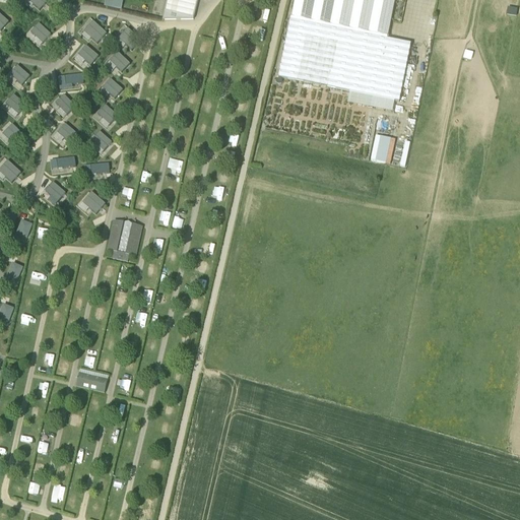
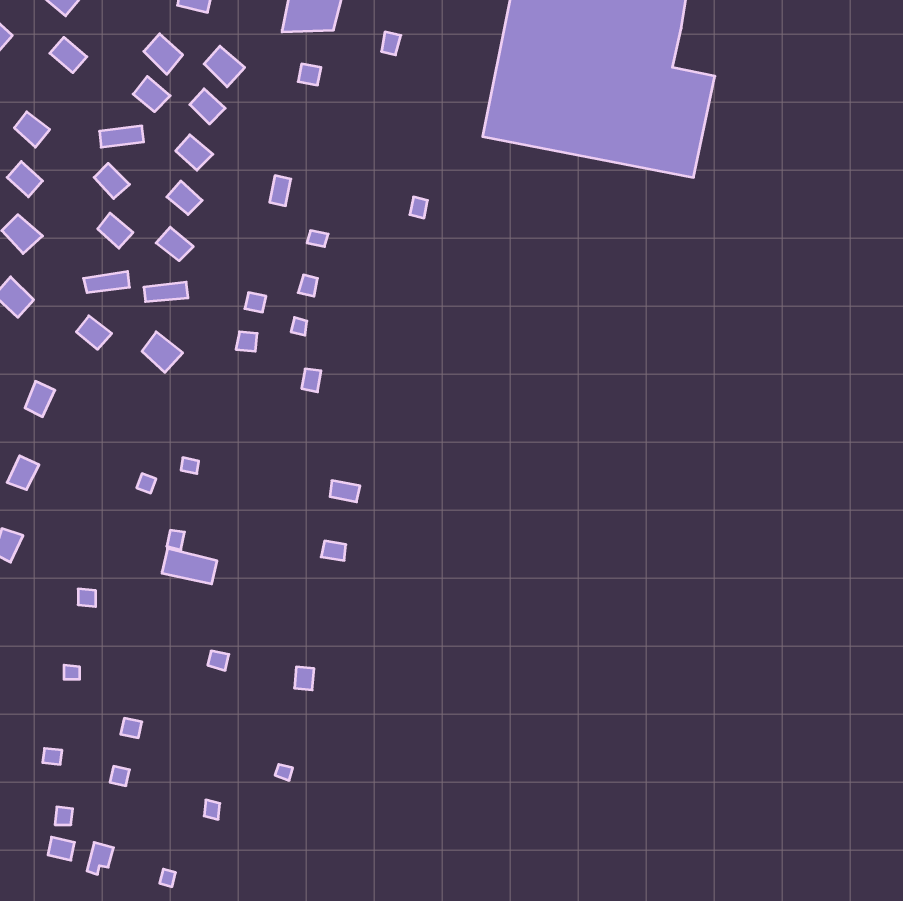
building: [106,219,140,260] -> none
building: [74,371,106,391] -> [162,548,217,584]

